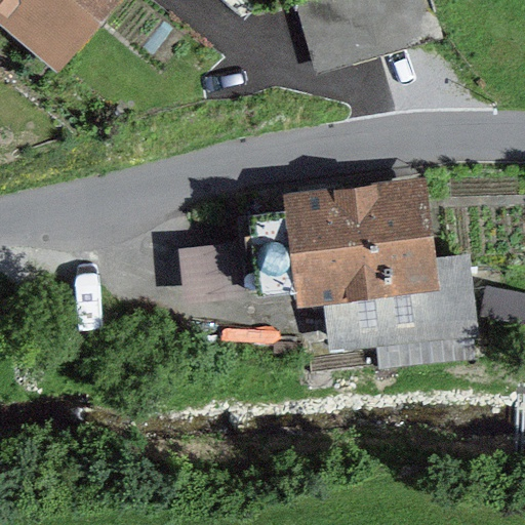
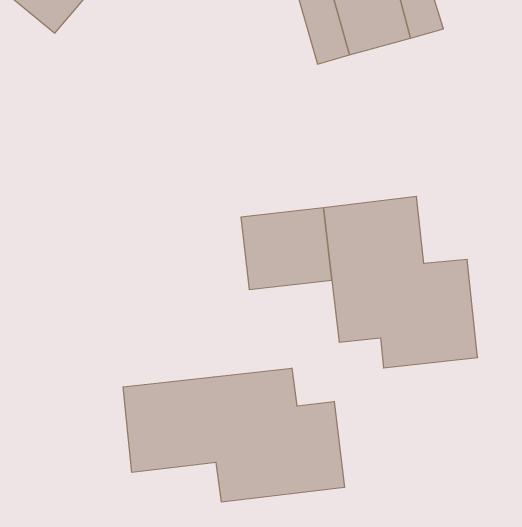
building: none -> [123,368,344,502]

